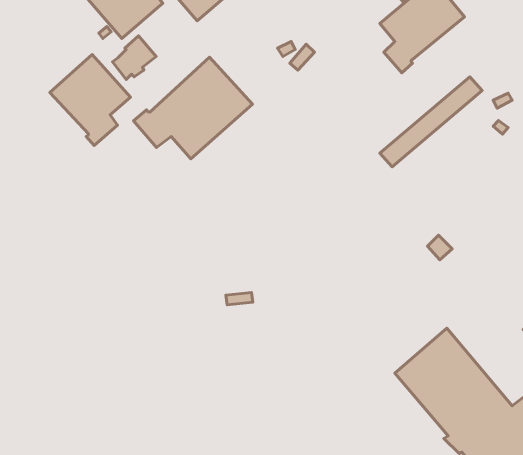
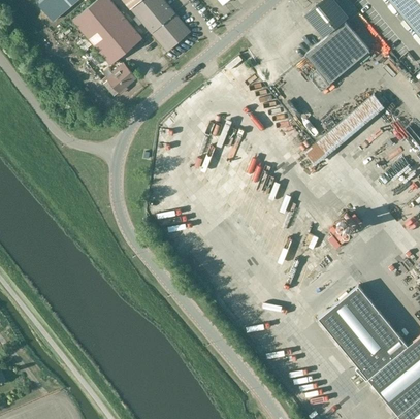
building: [50,55,130,146] -> none
building: [134,57,252,159] -> none

